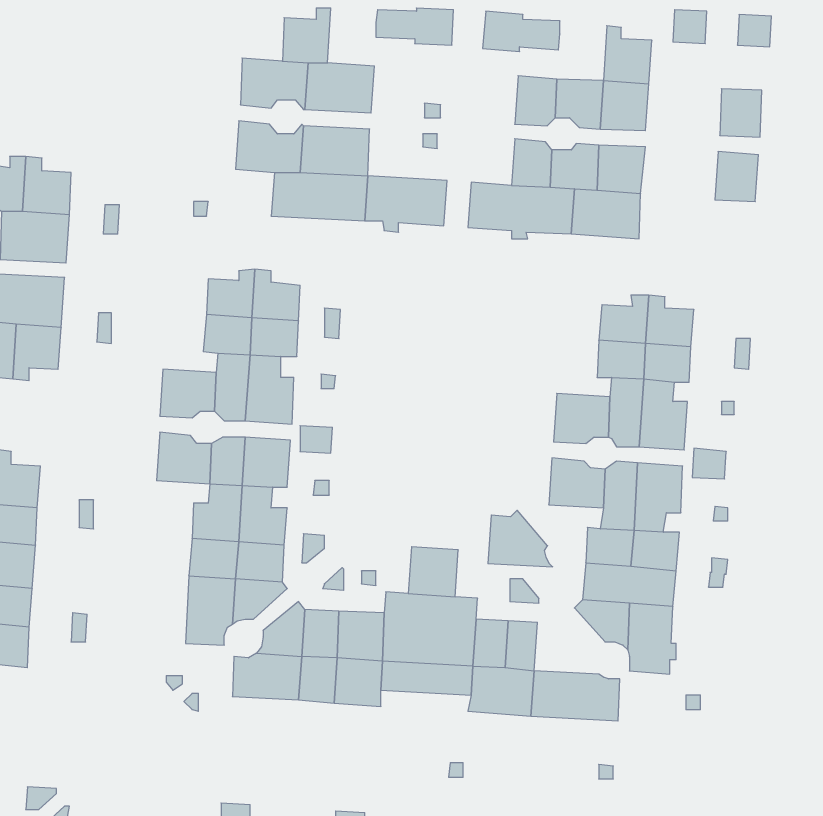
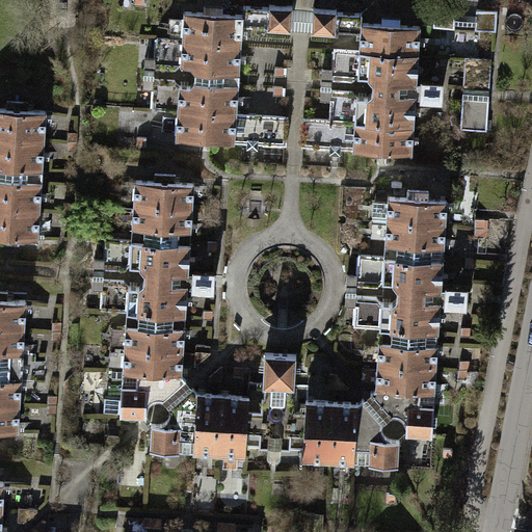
building: none -> [211,10,242,48]
building: none -> [358,22,391,57]
building: [488,510,553,567] -> [344,403,385,440]

